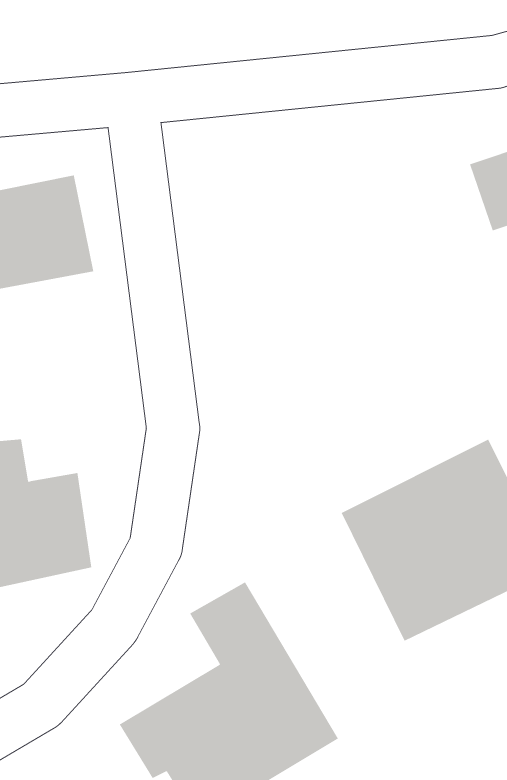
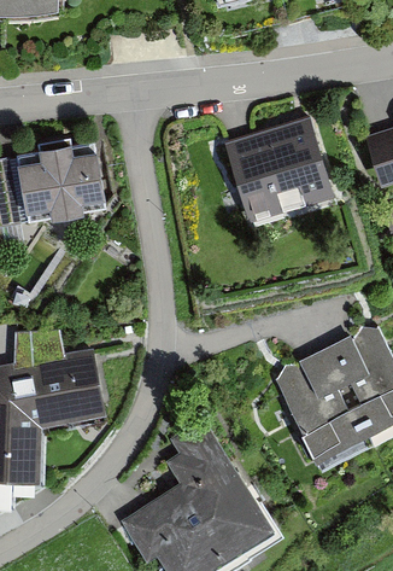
building: none -> [227,122,335,227]

